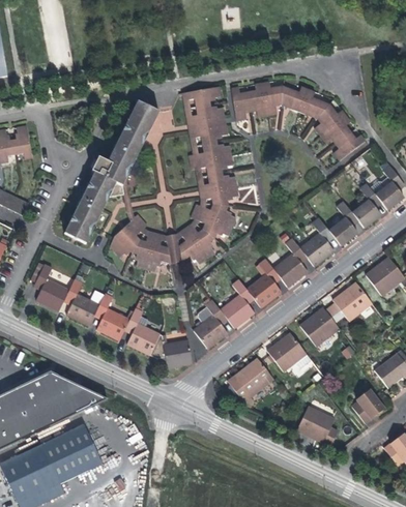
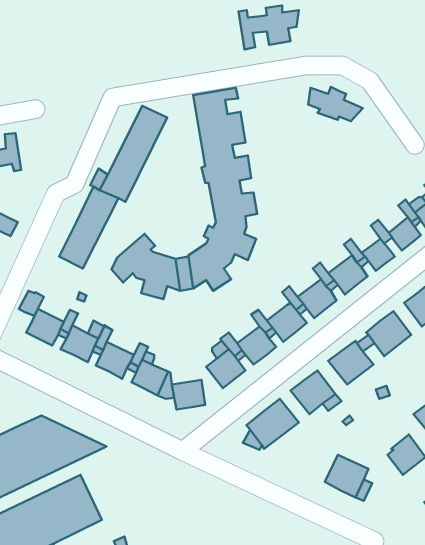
building: [231,82,284,120] -> [238,6,299,49]
building: [314,103,365,159] -> none

